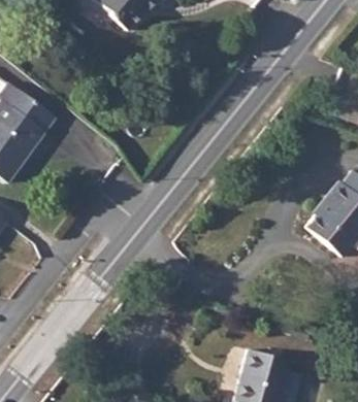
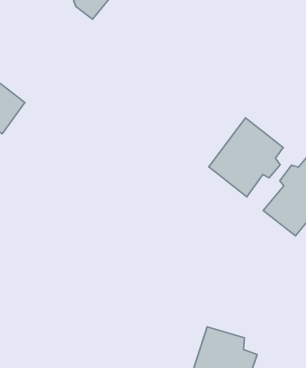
building: none -> [209,118,283,197]

